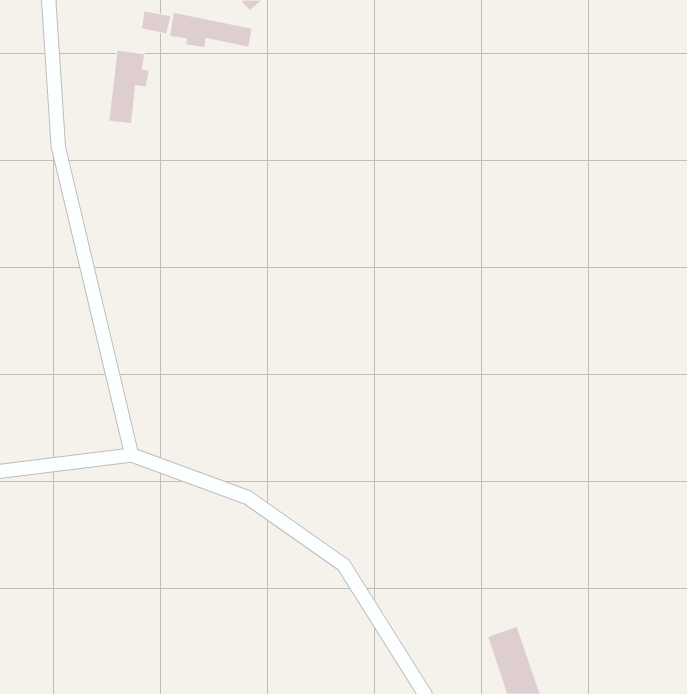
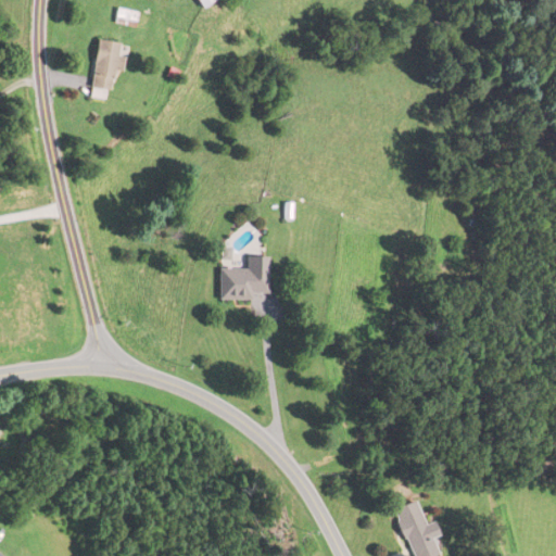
building: [169,12,252,48] -> none
building: none -> [220,255,270,299]

